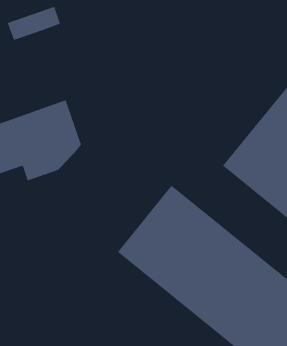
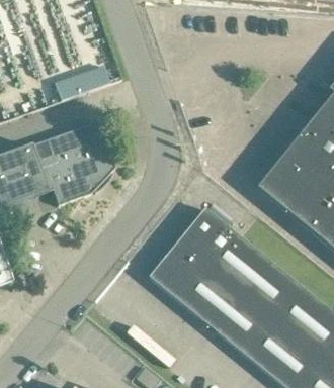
building: [7,6,61,41] -> [53,64,108,99]

